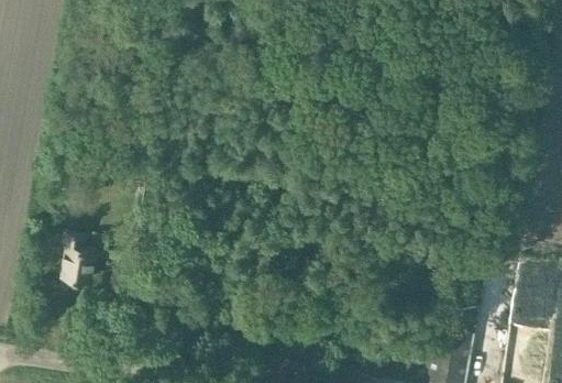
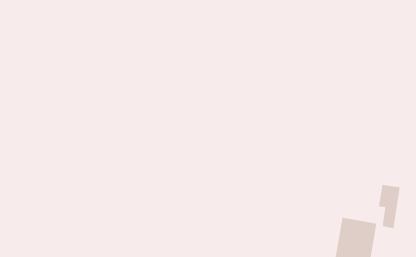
building: [64,238,95,285] -> none

